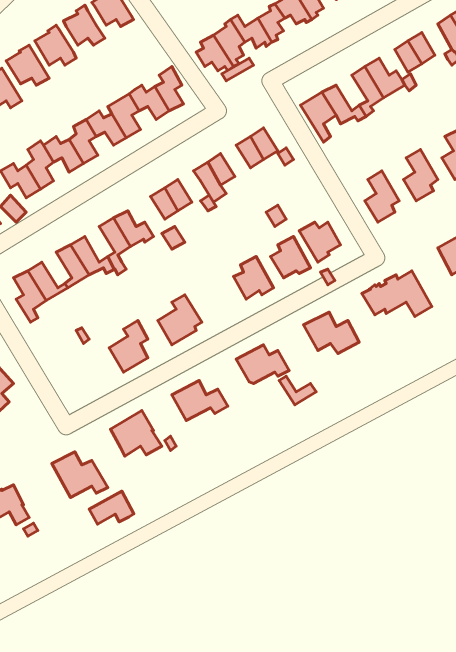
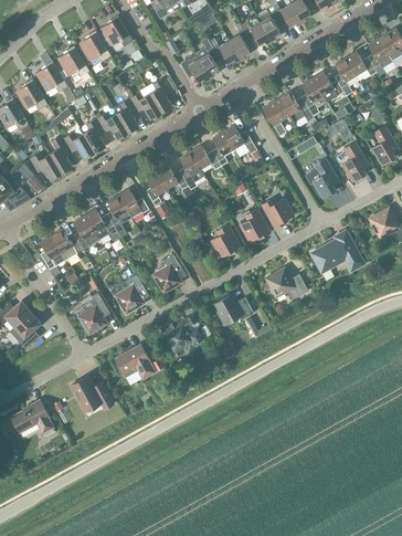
building: none -> [76,293,107,335]
building: [89,491,134,524] -> none

